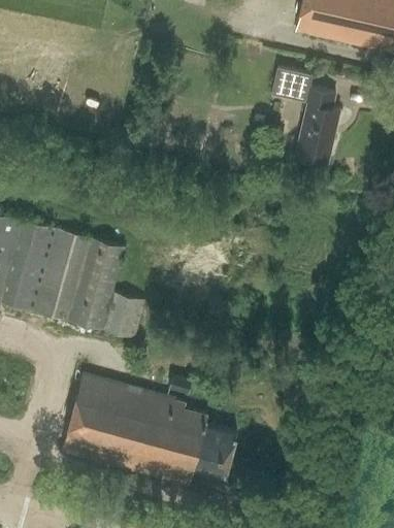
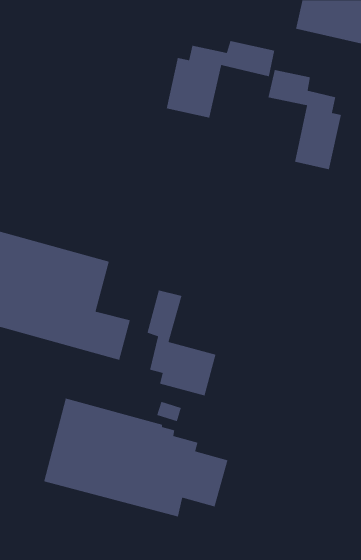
building: none -> [166,40,275,118]
building: none -> [147,290,216,396]

